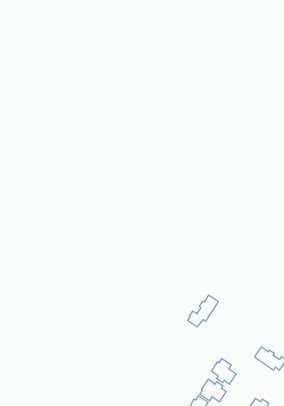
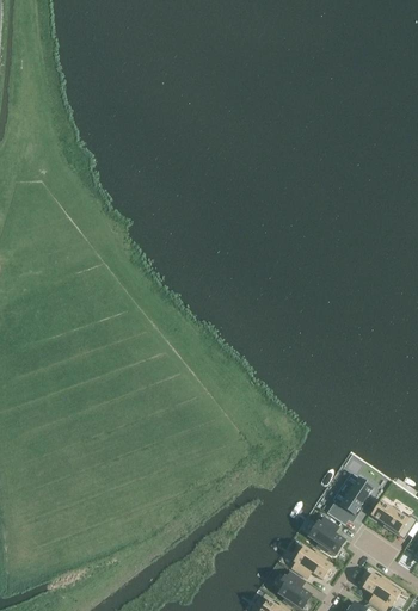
building: [188,295,218,327] -> [328,477,373,523]

